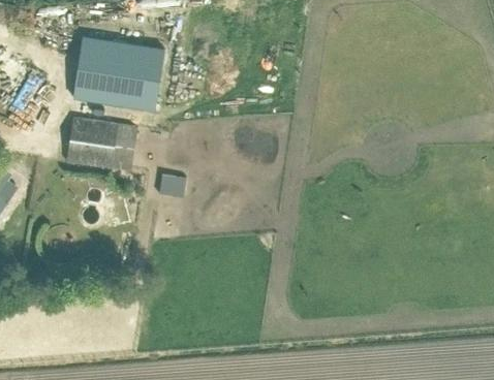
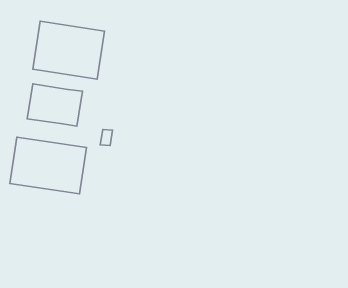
building: none -> [10,137,86,194]

